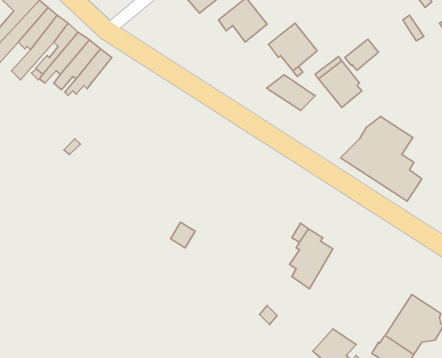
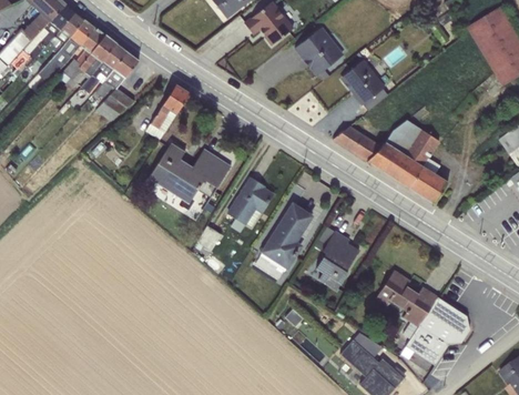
building: [345,39,378,70] -> none
building: [266,75,315,110] -> [333,124,381,160]
building: none -> [146,83,190,139]
building: none -> [95,87,134,120]
building: none -> [149,142,232,202]
building: none -> [227,176,273,226]
building: none -> [260,204,312,271]
building: none -> [376,270,438,338]

